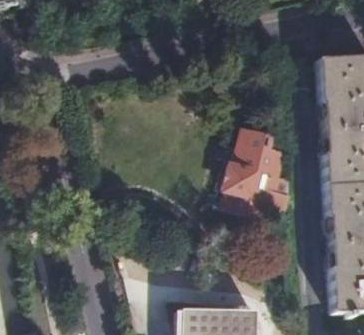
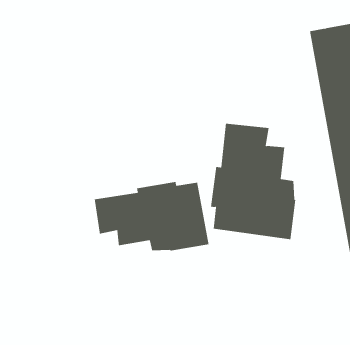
building: none -> [94,181,209,252]

